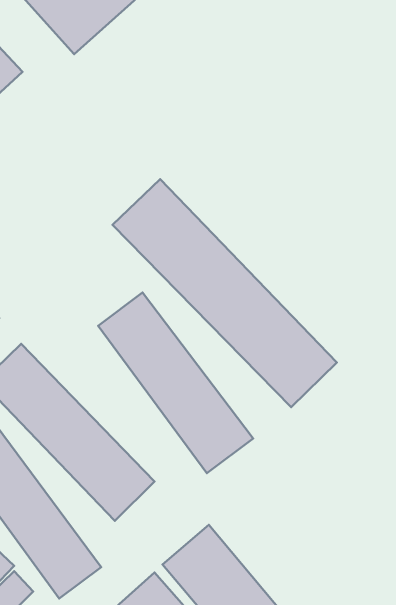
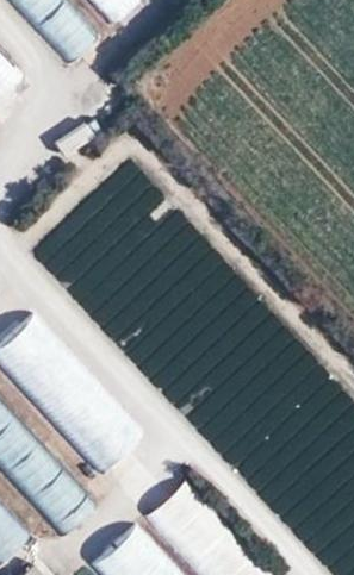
building: [113,179,337,407] -> none
building: [98,293,253,473] -> none

